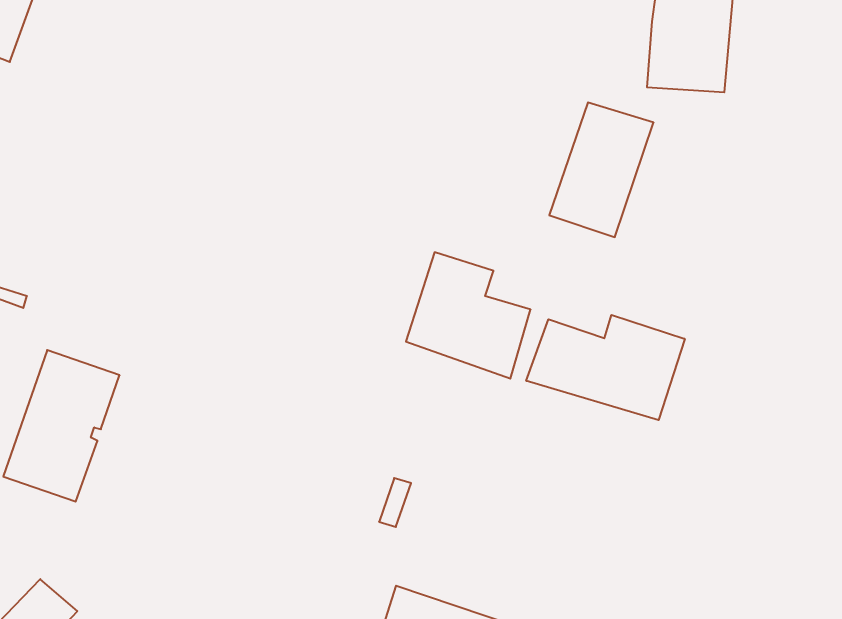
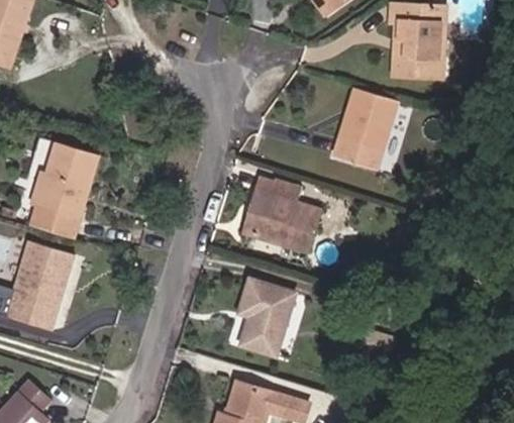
building: none -> [30,140,100,234]
building: [526,315,685,420] -> none
building: none -> [243,281,298,357]

